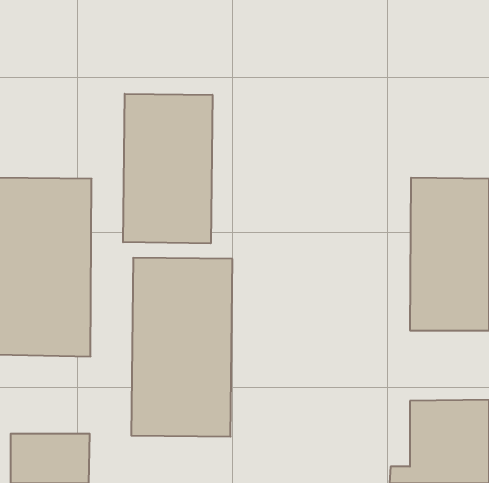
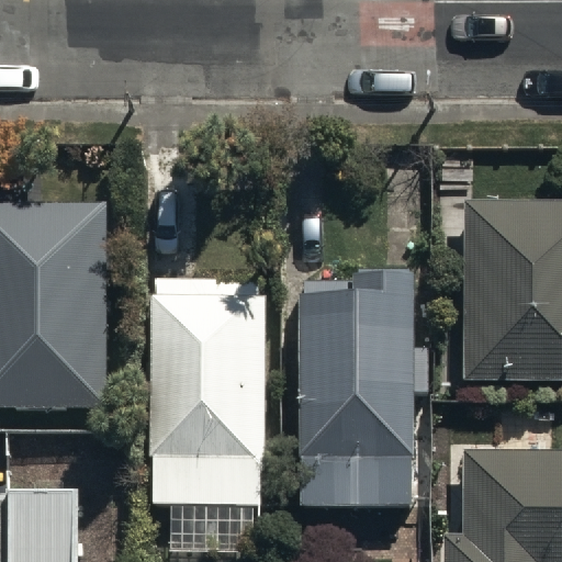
building: [123,94,212,243] -> none
building: none -> [295,295,415,508]

